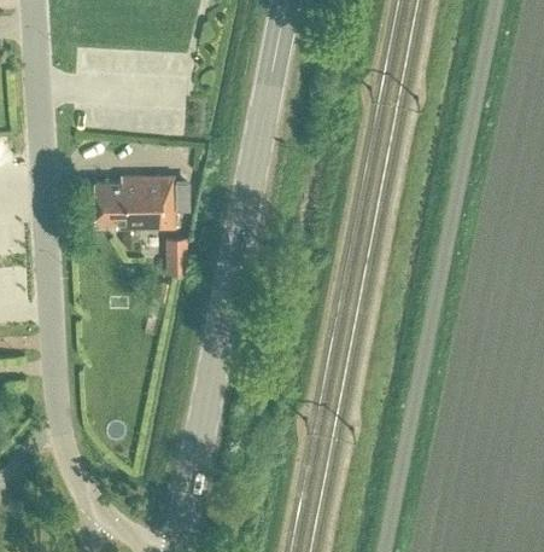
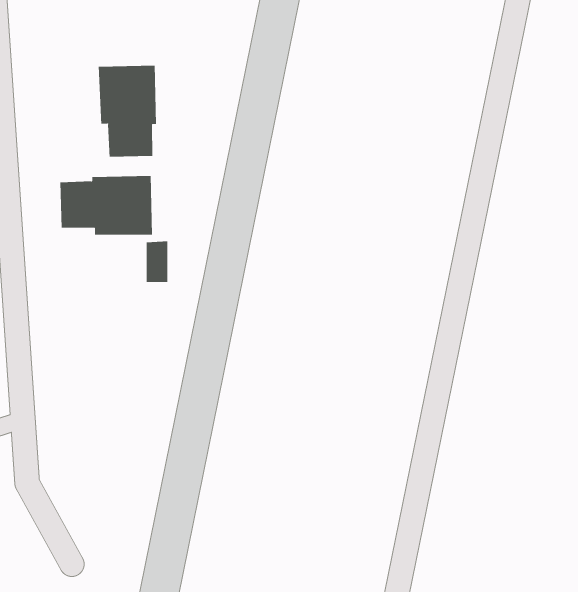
building: none -> [98,65,157,157]

